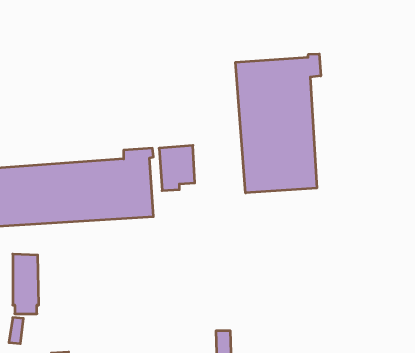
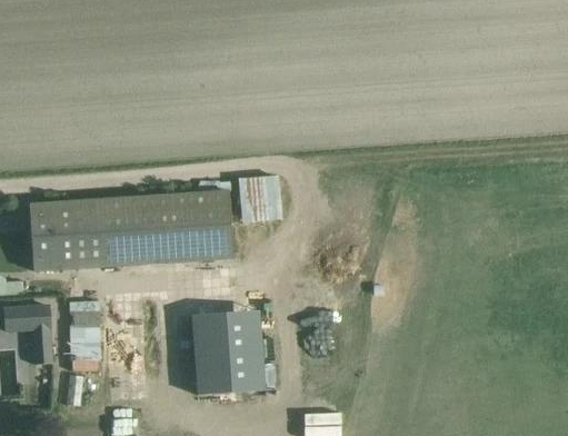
building: [236,54,321,193] -> none
building: none -> [189,305,263,393]

